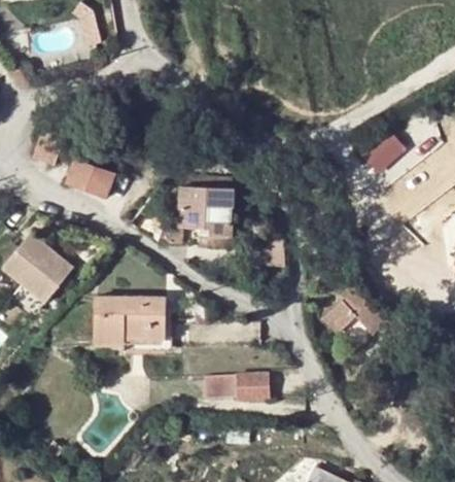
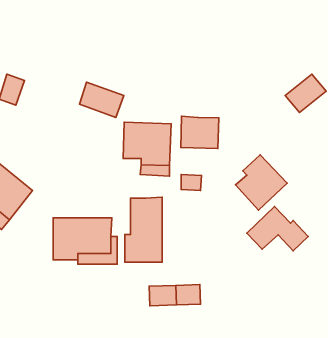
building: [66,158,117,199] -> [79,82,124,118]
building: none -> [181,116,219,148]
building: none -> [235,155,287,210]
building: none -> [125,197,162,262]

